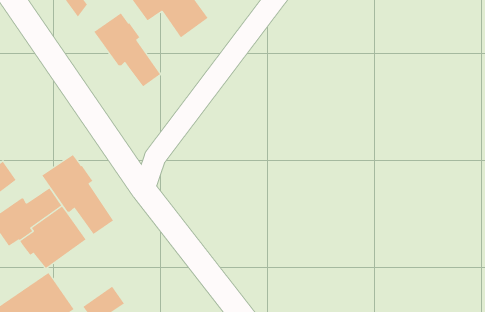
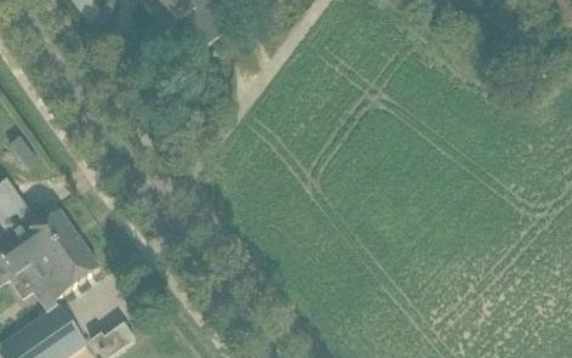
building: [93,12,161,87] -> none
building: [42,154,114,235] -> none

